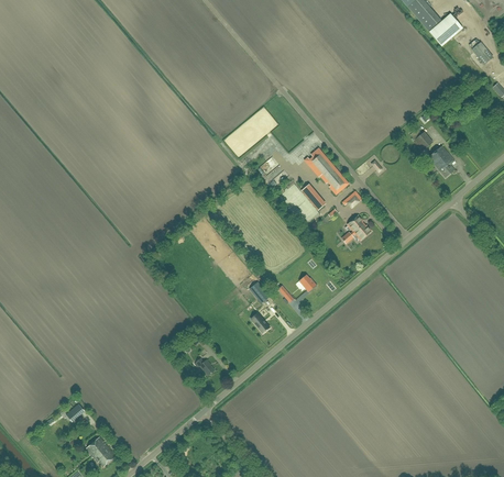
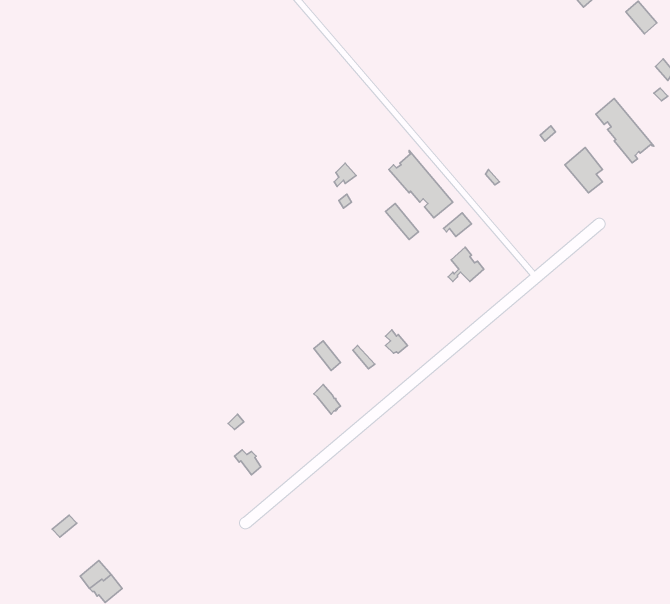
building: none -> [596,99,654,163]

